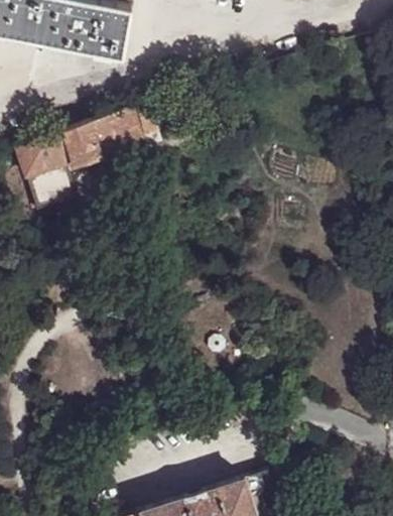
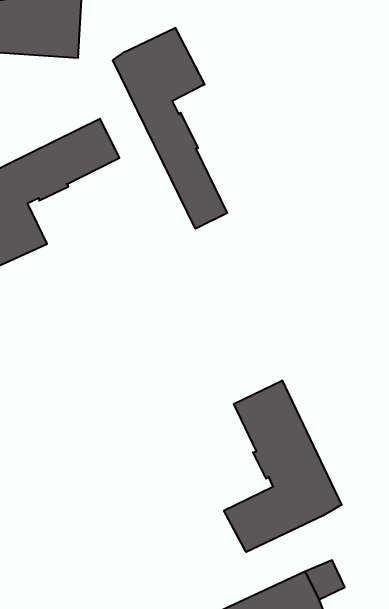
building: none -> [113,28,227,229]
building: none -> [224,380,342,552]

